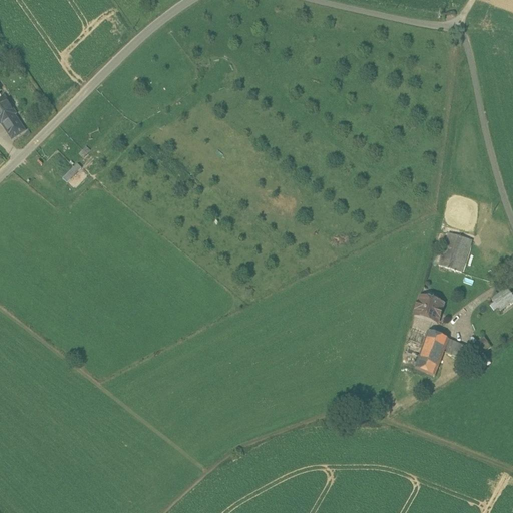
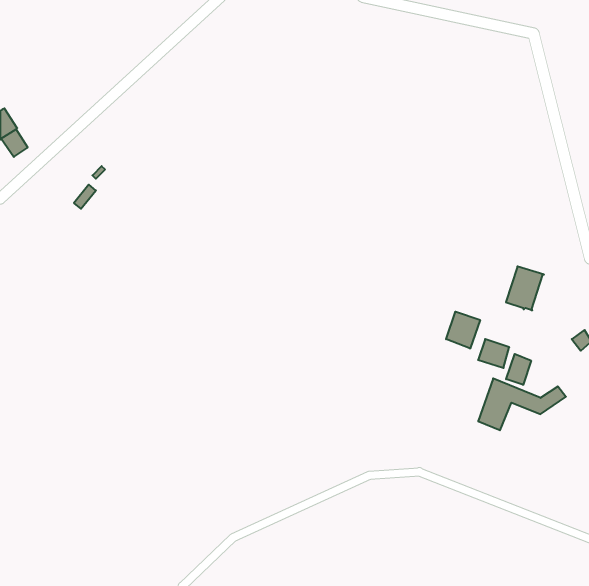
building: none -> [446,312,480,349]
building: none -> [506,354,531,385]

